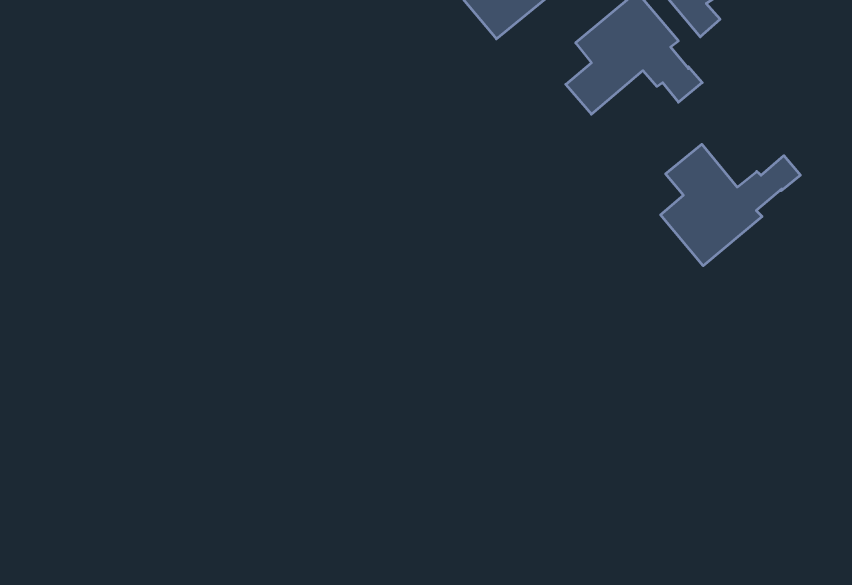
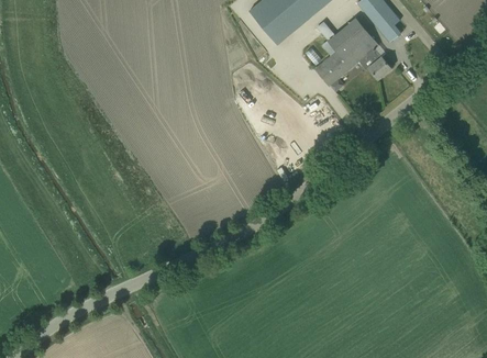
building: [661,144,800,266] -> none

